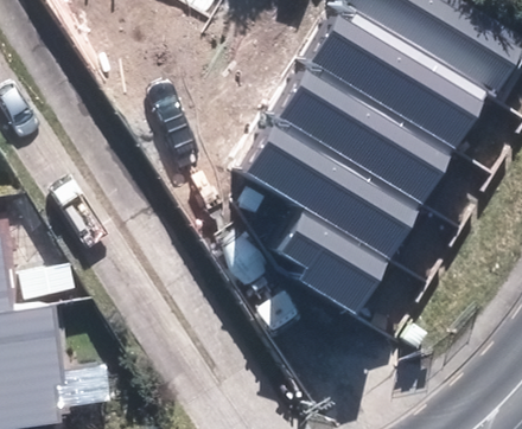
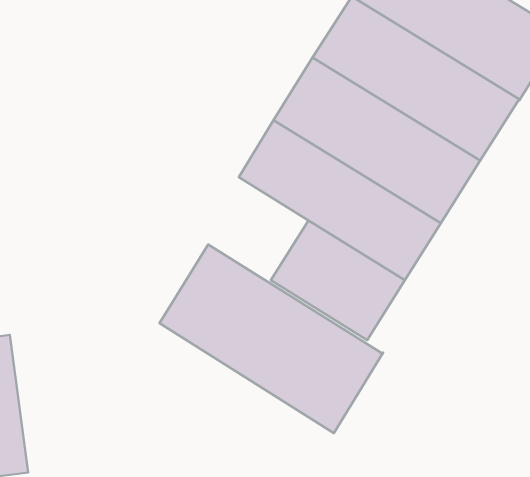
building: none -> [160,245,383,433]

